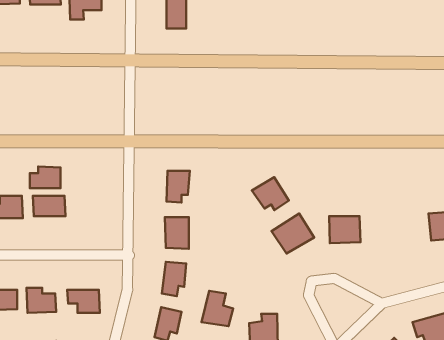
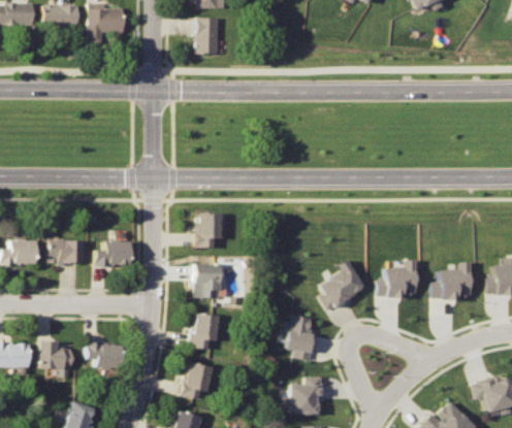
building: [30,167,61,188] -> [96,243,130,267]
building: [252,177,289,210] -> none
building: none -> [435,268,469,297]
building: [202,291,233,326] -> [282,314,317,353]

